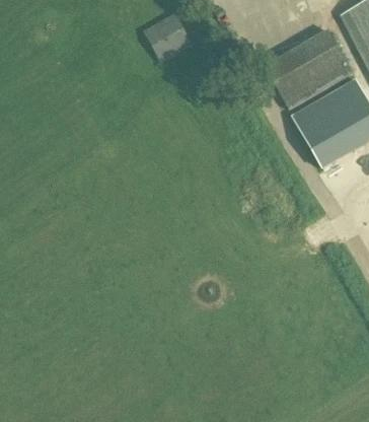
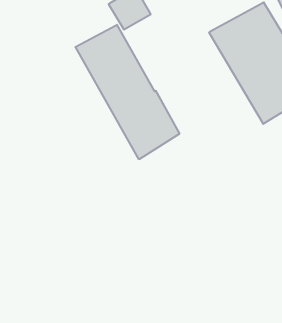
building: none -> [75,25,179,159]

